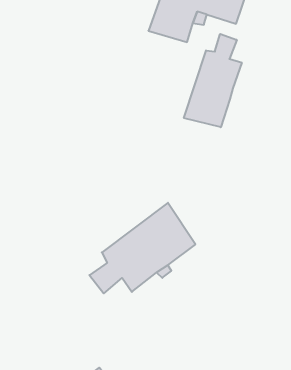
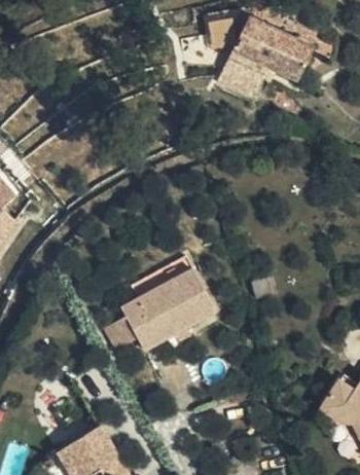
building: [184,34,242,127] -> none

